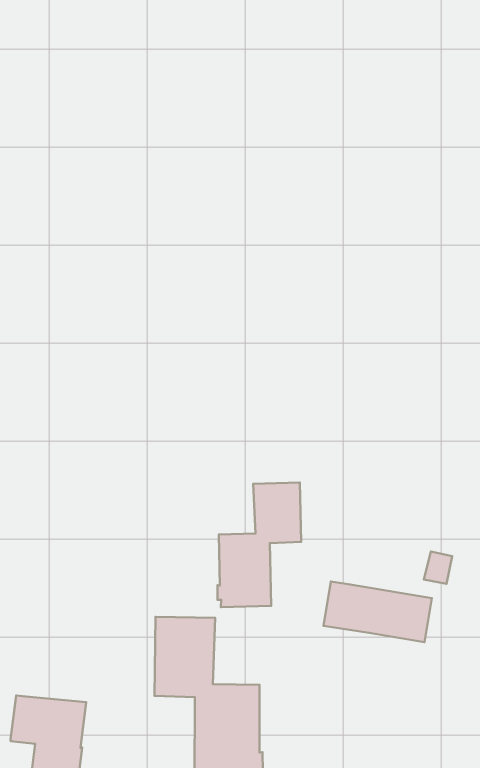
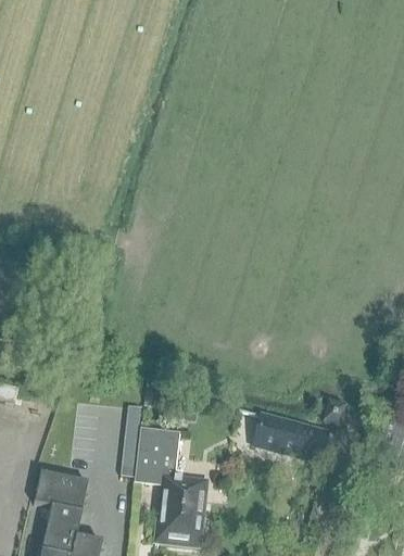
building: [217,482,301,607] -> none

